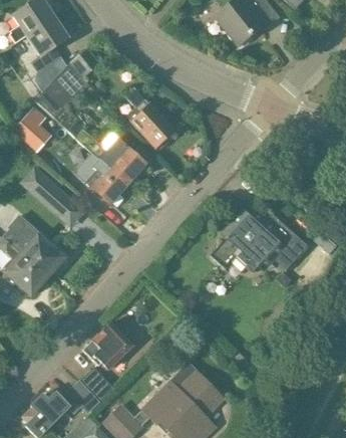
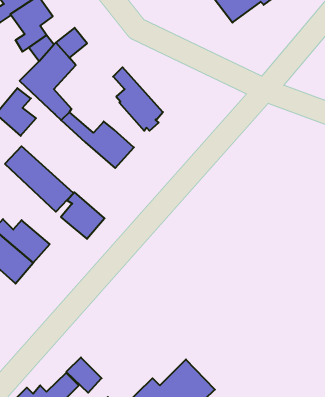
building: [84,159,126,204] -> [61,192,105,239]
building: [213,207,310,271] -> none
building: [81,322,131,369] -> none

